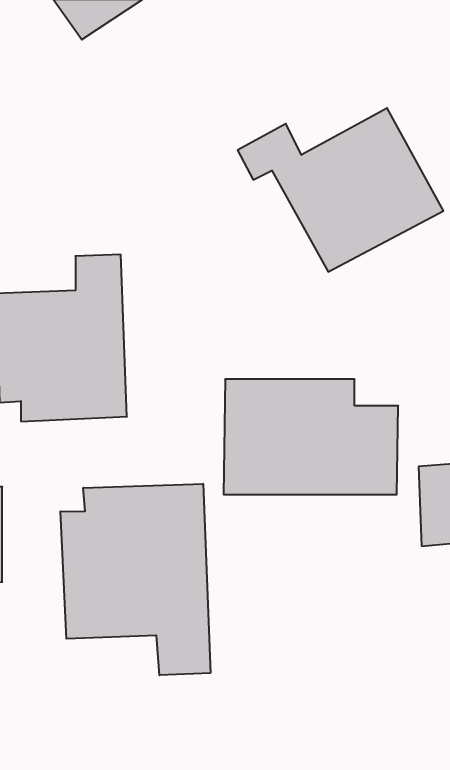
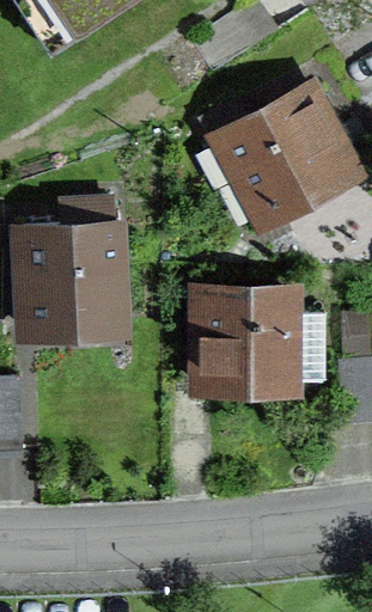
building: [60,484,210,675] -> none

